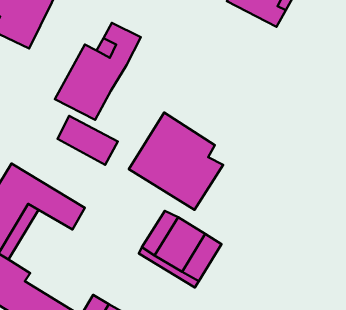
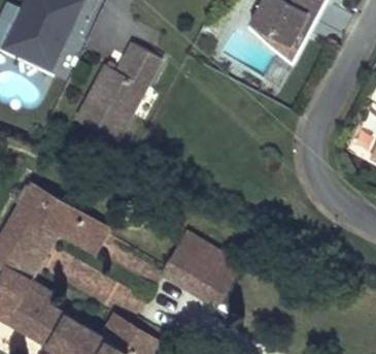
building: [129,112,223,210] -> none
building: [57,116,118,165] -> none

